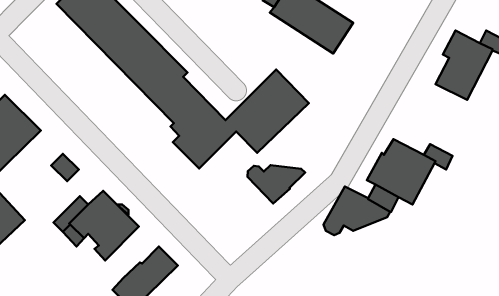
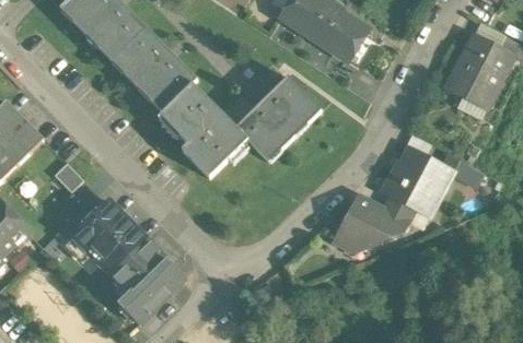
building: [247,165,305,203] -> none
building: none -> [111,238,166,292]

